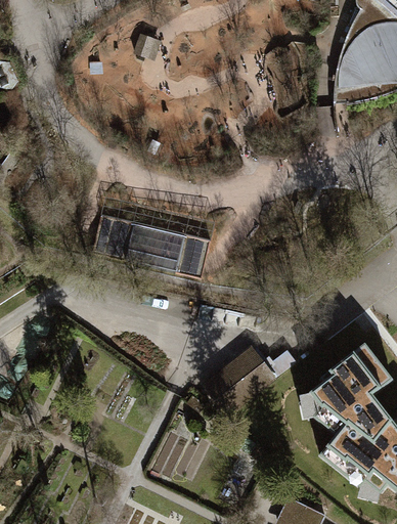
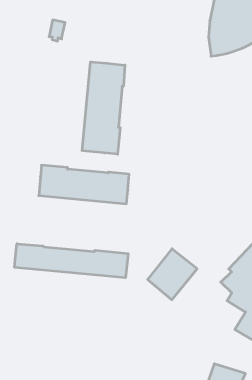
building: none -> [82,62,125,154]
building: none -> [15,244,128,278]

